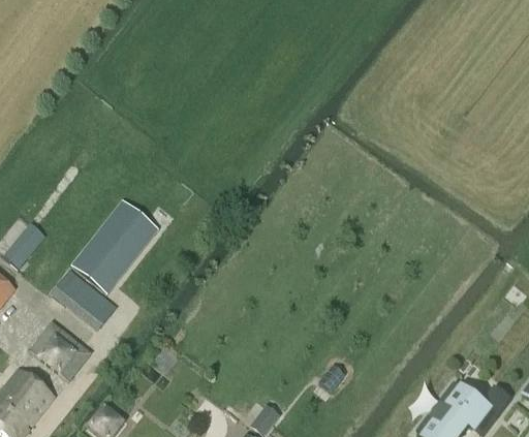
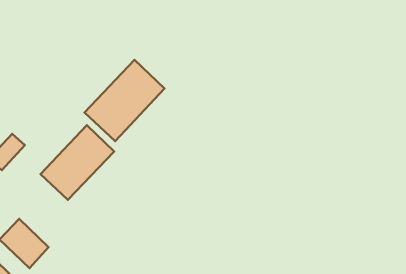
building: none -> [84,60,164,141]
building: [52,272,115,330] -> none

